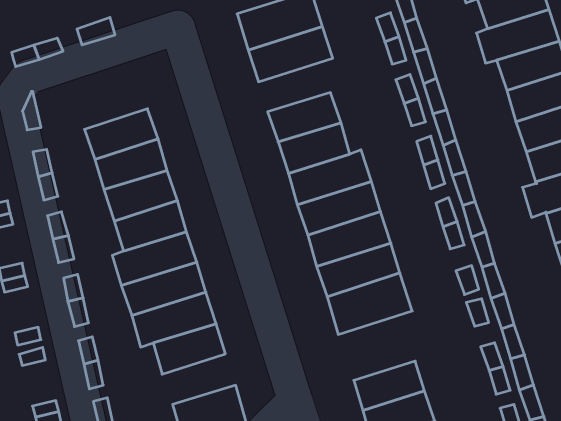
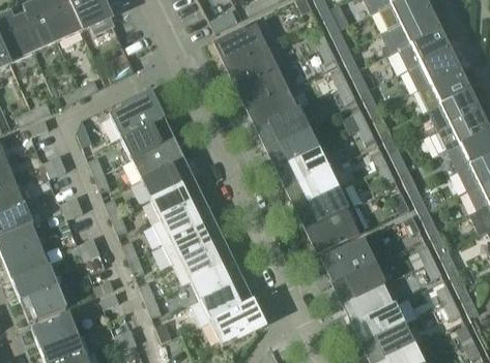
building: none -> [237,65,295,109]
building: none -> [111,94,164,140]
building: none -> [321,240,374,284]
building: none -> [201,279,253,320]

